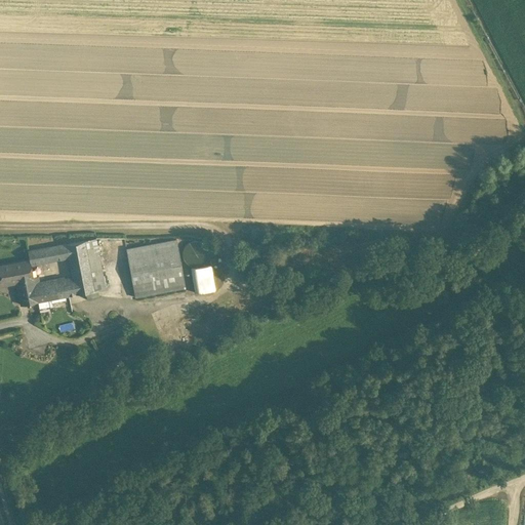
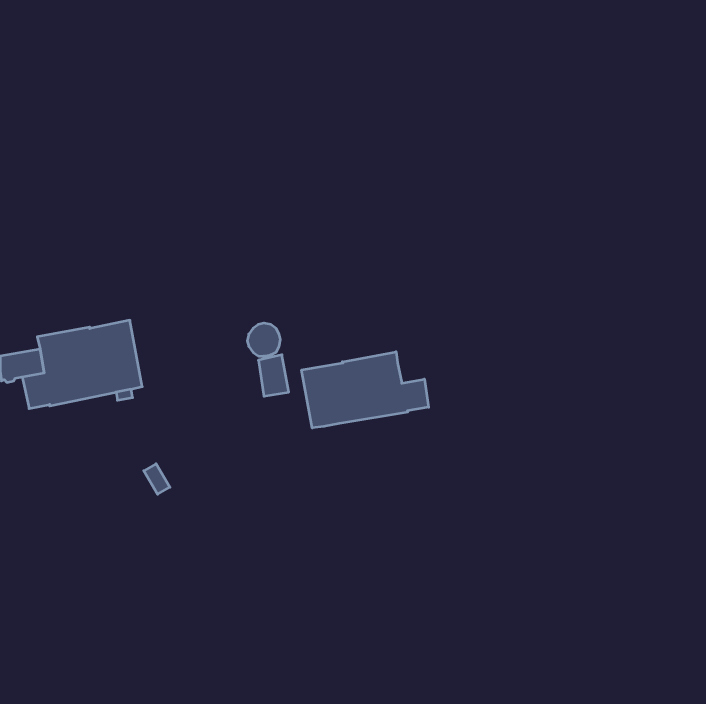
building: [126,240,186,297] -> none
building: none -> [302,352,429,428]

